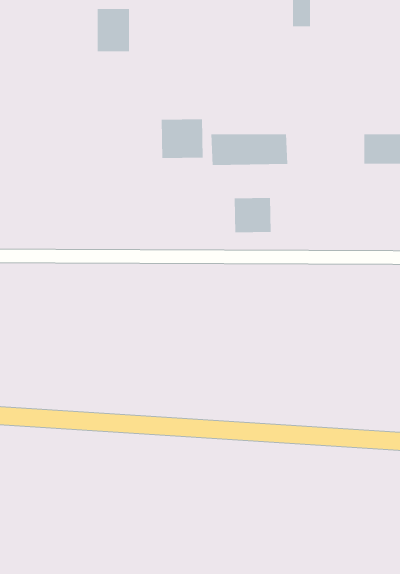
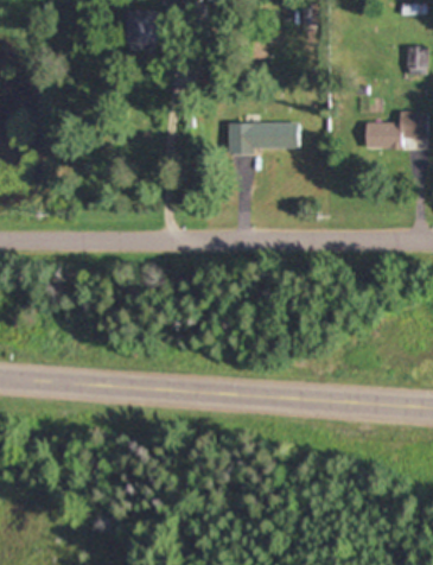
building: [161,118,203,159] -> none
building: [234,197,271,233] -> none

